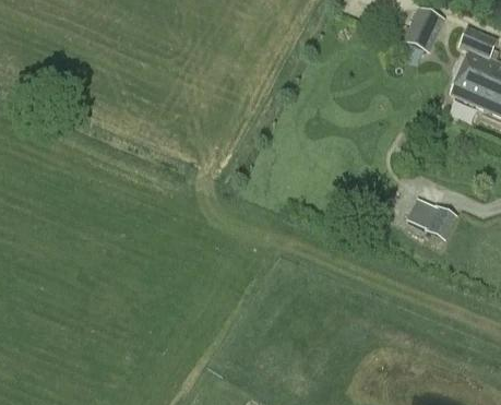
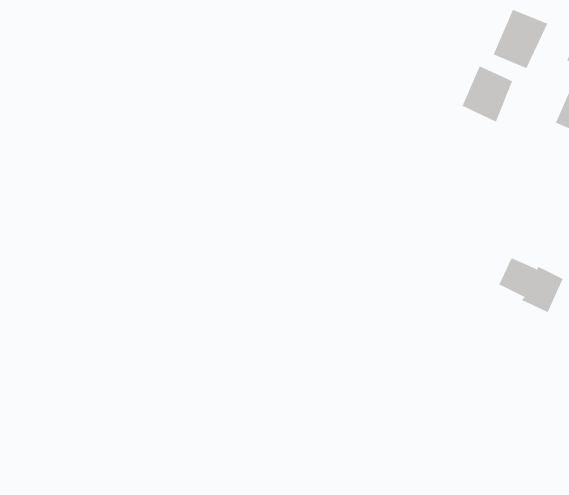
building: none -> [462,66,513,123]

